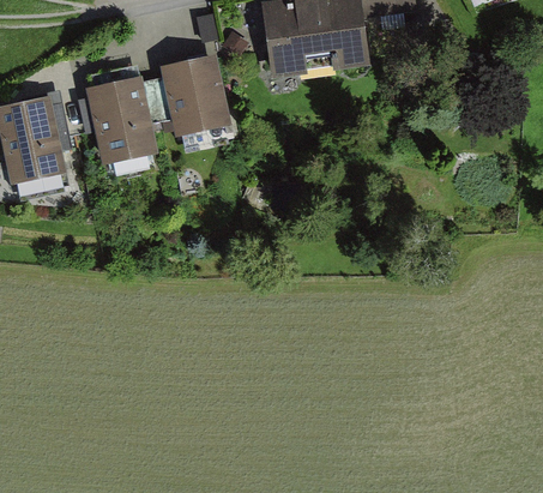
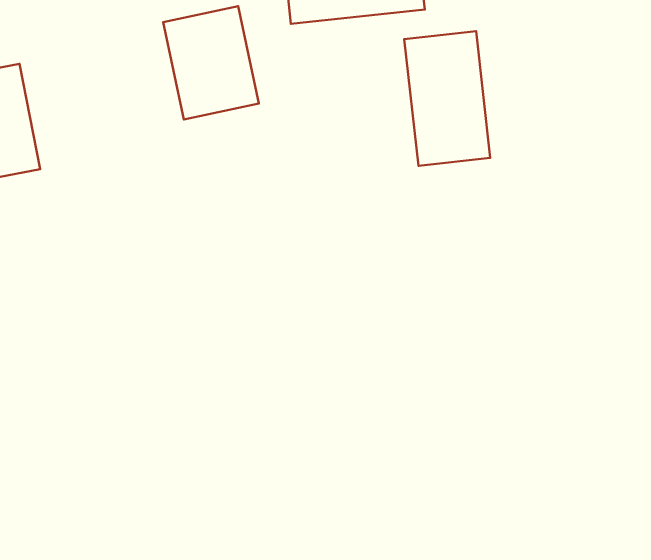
building: none -> [404,31,490,166]
building: [88,78,159,169] -> none

